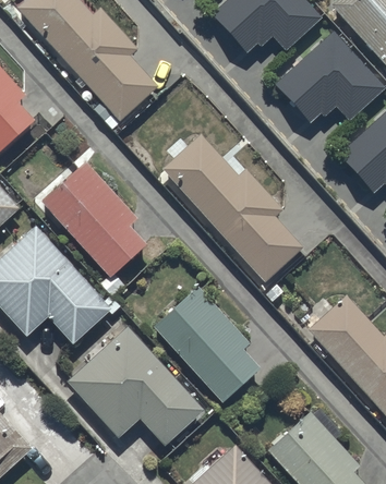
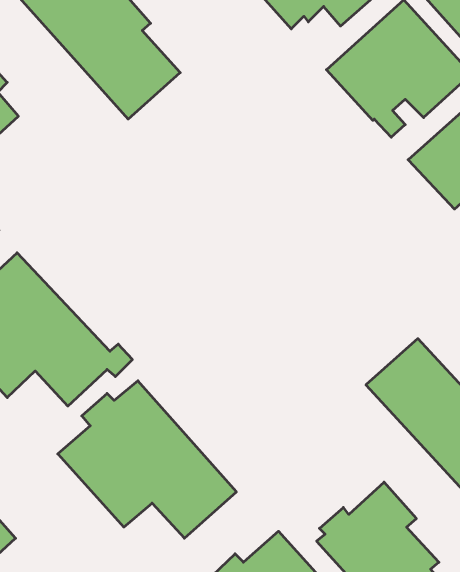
building: [161,133,304,283] -> none
building: [34,160,148,295] -> none
building: [150,285,262,404] -> none

